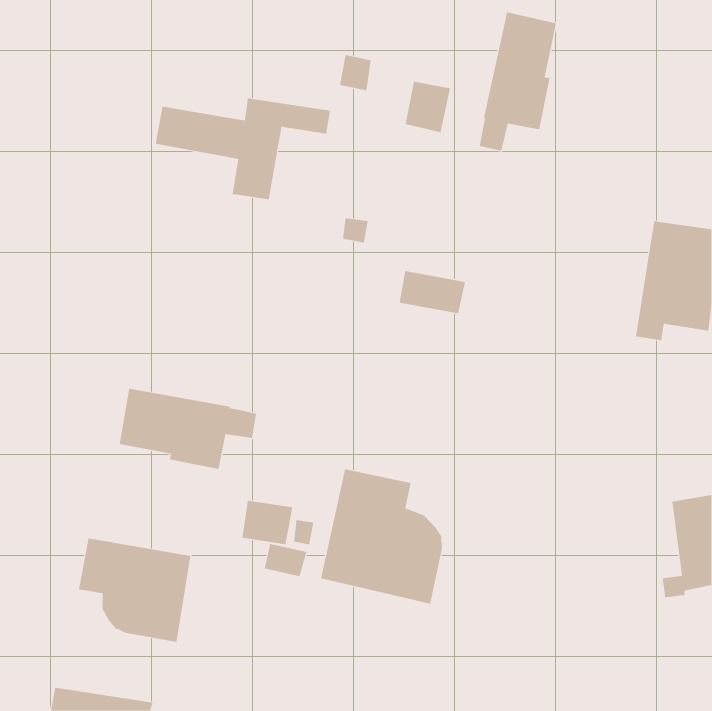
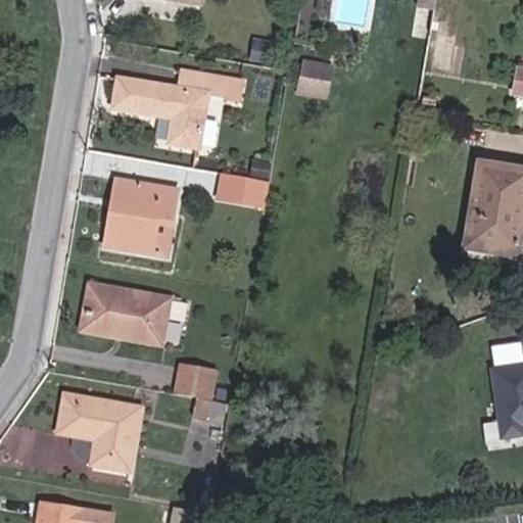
building: [479,12,556,152] -> none
building: none -> [105,180,177,252]
building: [399,271,466,314] -> [219,173,268,204]
building: [320,468,443,605] -> none

